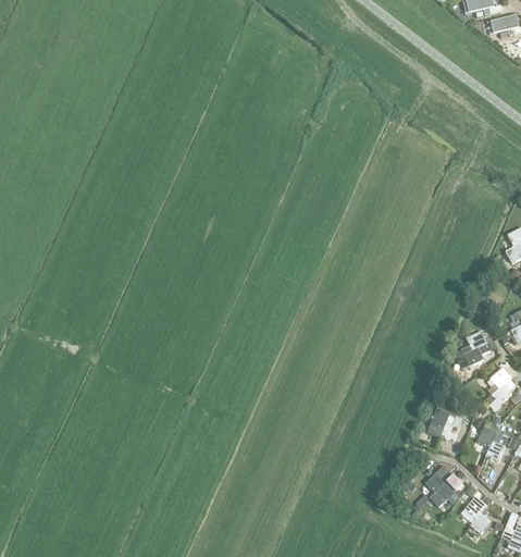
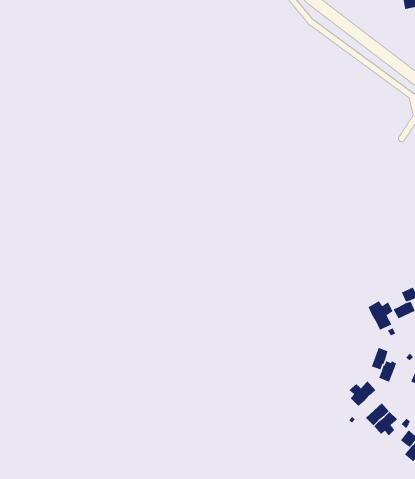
building: none -> [367,300,394,331]
building: none -> [348,381,376,407]

